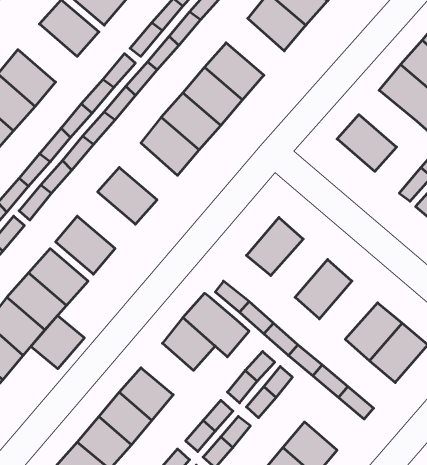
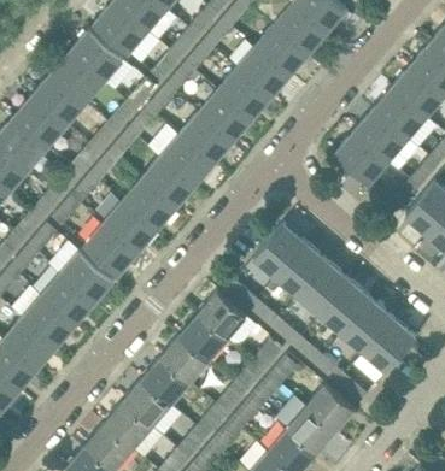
building: none -> [236,47,288,98]
building: none -> [51,52,104,104]
building: none -> [355,111,406,161]
building: none -> [141,158,193,208]
building: none -> [104,201,156,252]
building: none -> [276,243,327,295]
building: none -> [320,281,371,332]
building: [31,315,84,369] -> none
building: none -> [160,336,207,382]
building: none -> [306,384,355,431]

